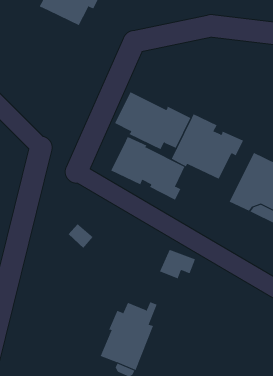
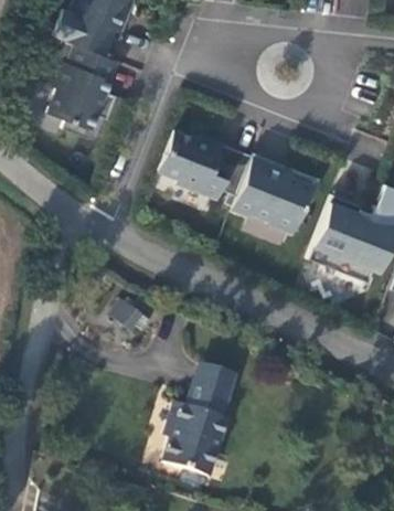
building: none -> [49,40,119,138]
building: [110,136,185,200] -> none
building: [159,249,196,279] -> [192,364,236,401]

